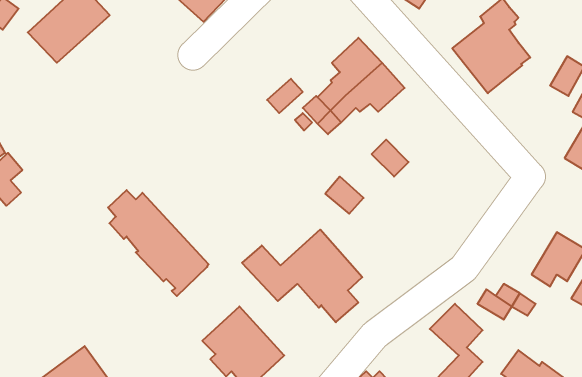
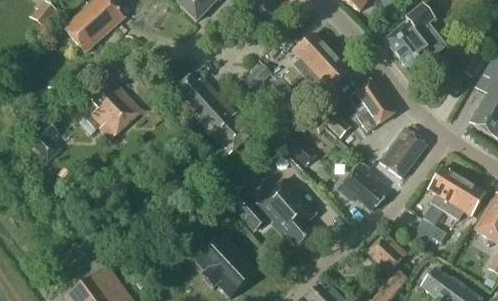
building: none -> [350,77,396,130]
building: none -> [91,85,142,136]
building: none -> [380,126,427,176]
building: [108,190,209,296] -> [177,73,253,153]
building: none -> [339,163,385,209]
building: none -> [428,165,464,210]

